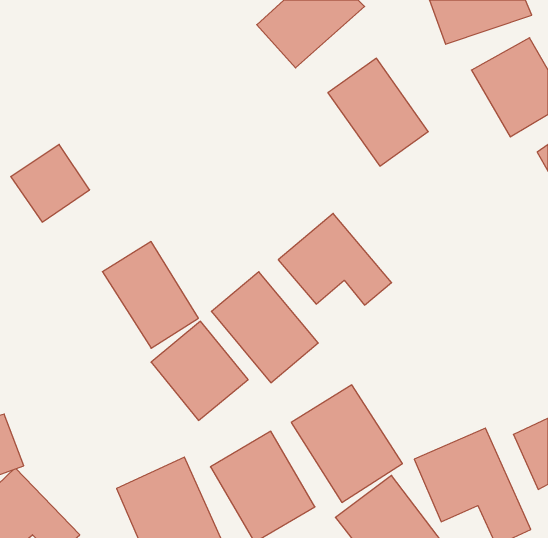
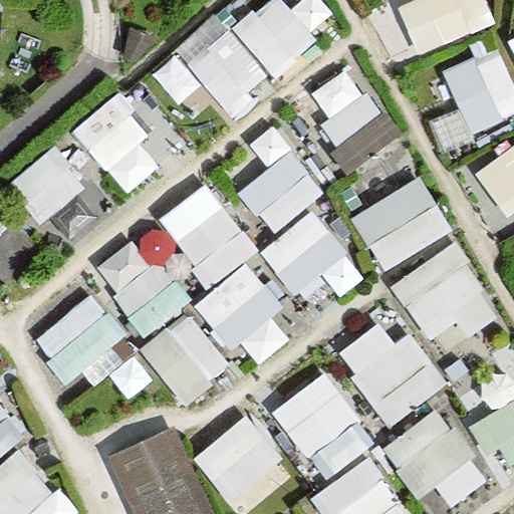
building: none -> [155,19,269,113]
building: none -> [72,95,167,195]
building: none -> [230,141,324,234]
building: none -> [350,175,451,271]
building: none -> [156,183,255,285]
building: none -> [392,244,495,348]
building: none -> [34,295,123,379]
building: none -> [335,315,442,428]

